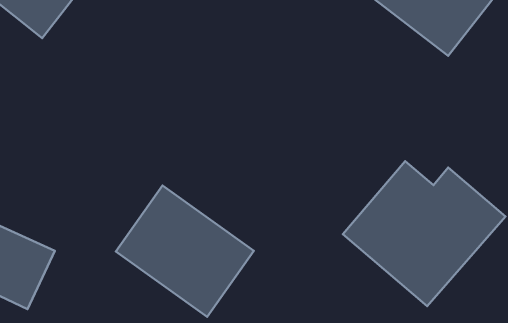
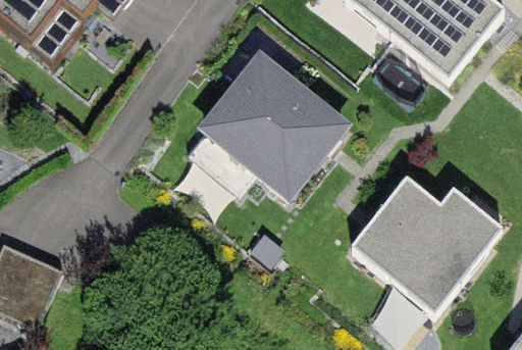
building: none -> [197,59,354,207]
building: [116,185,254,317] -> none

